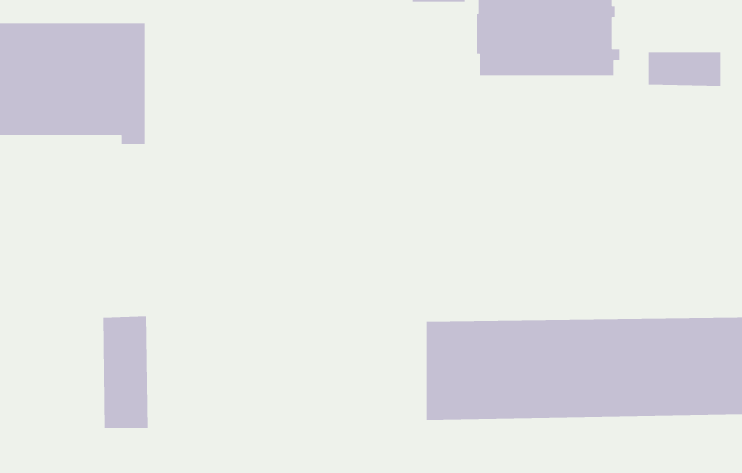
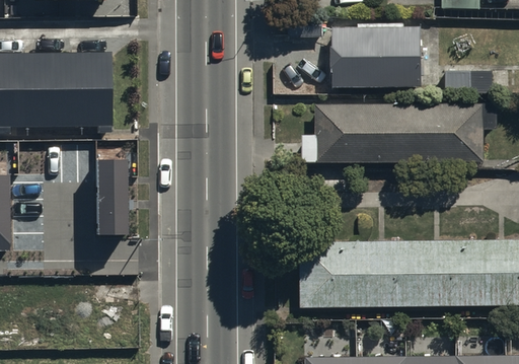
building: none -> [300,102,496,160]
building: [102,316,148,429] -> [97,160,128,235]

